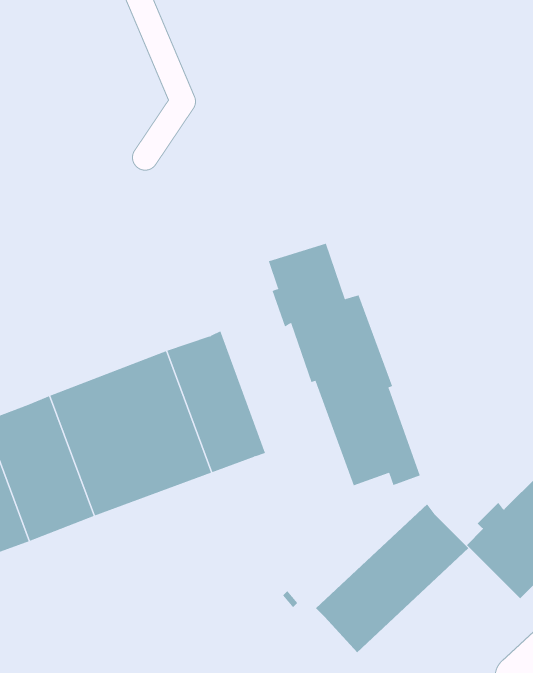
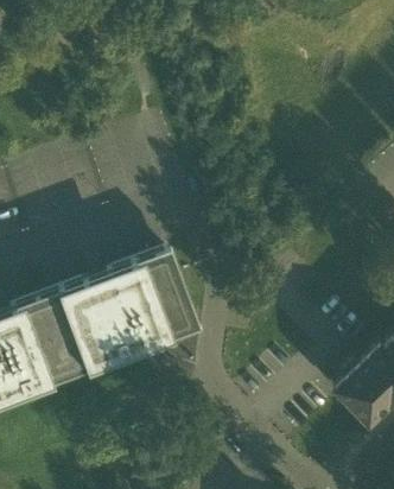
building: [268,243,421,486] -> none
building: [315,503,469,653] -> none

